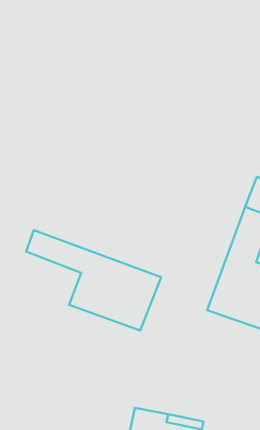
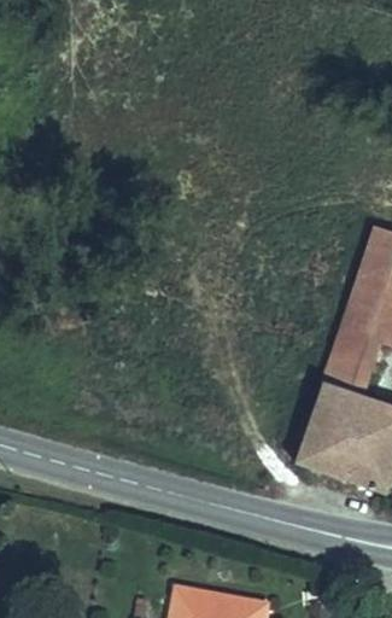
building: [26,230,161,330] -> none

